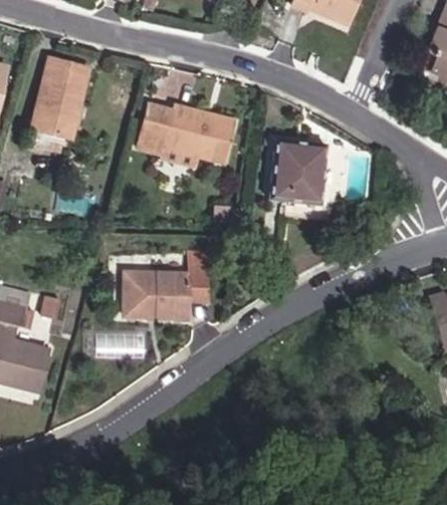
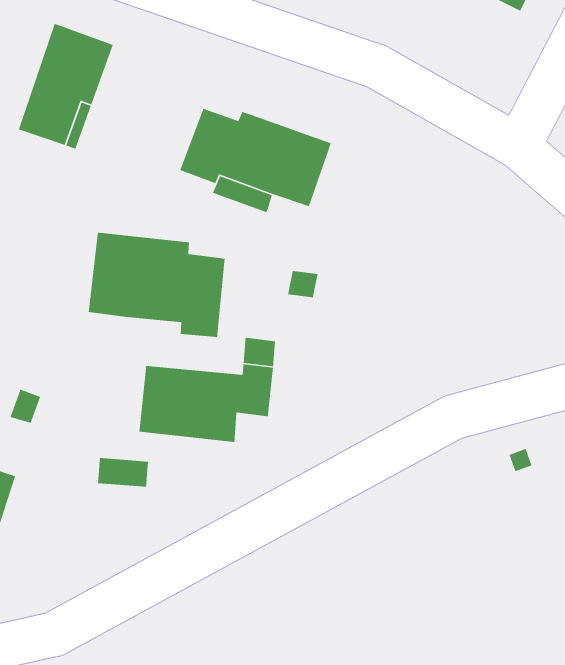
building: [270,141,322,200] -> none
building: none -> [88,232,225,338]

